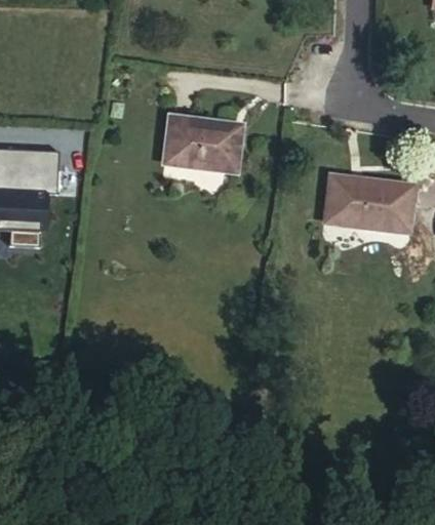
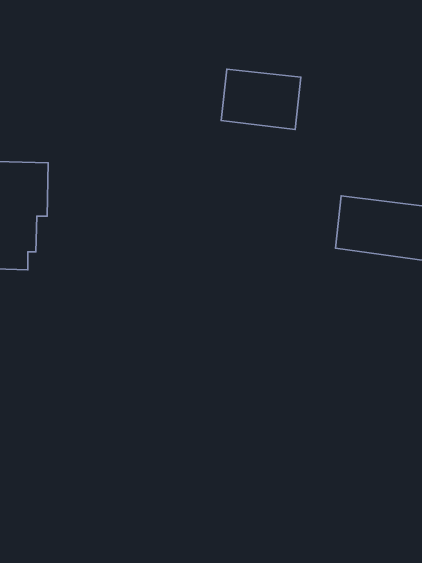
building: [161,118,233,172] -> [221,69,301,130]

